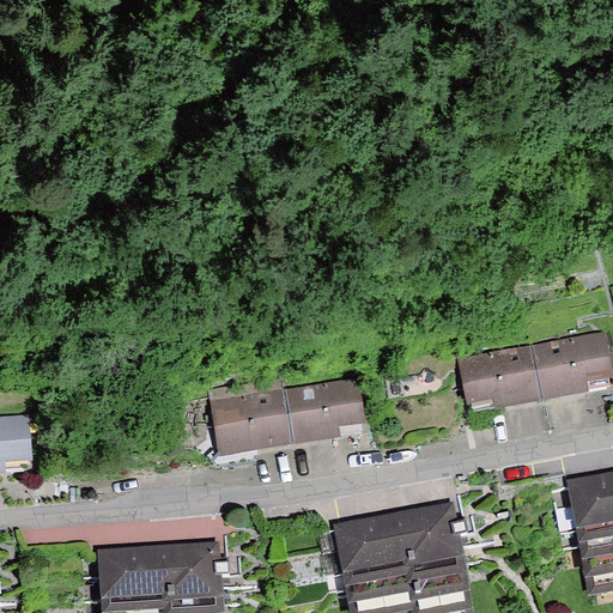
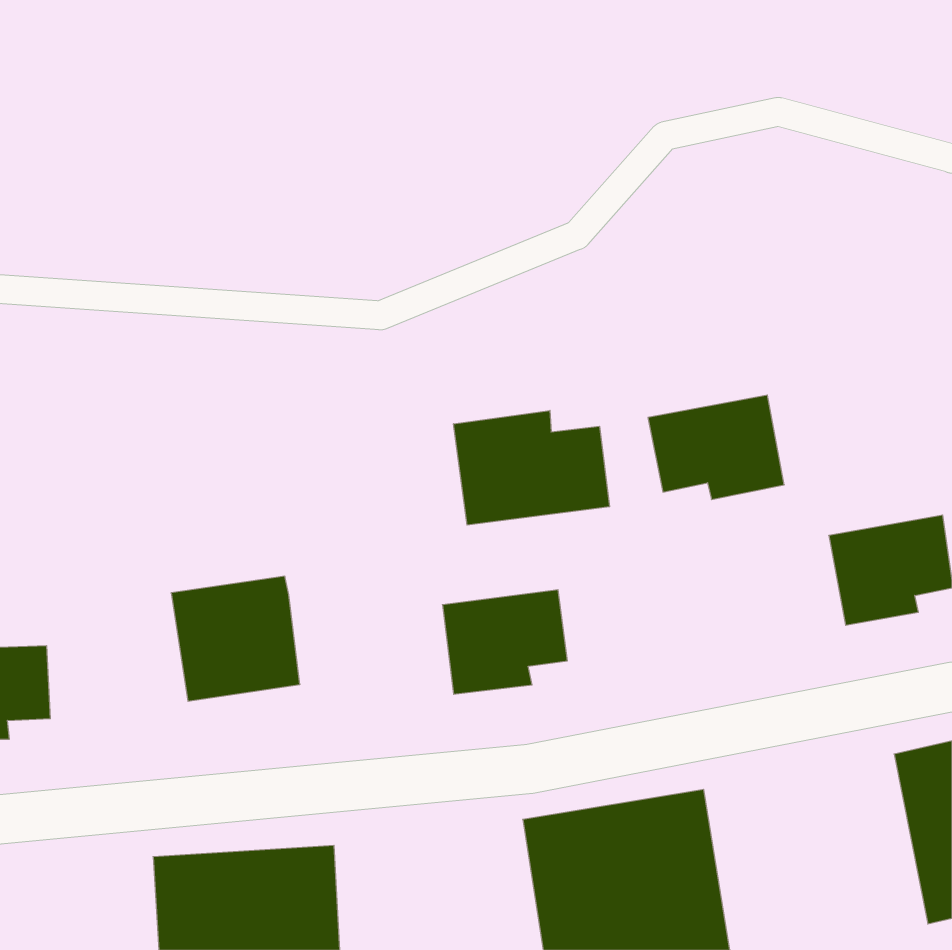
building: none -> [454,410,610,525]
building: [455,344,542,411] -> [648,395,784,500]
building: [208,376,291,456] -> [171,576,300,701]

